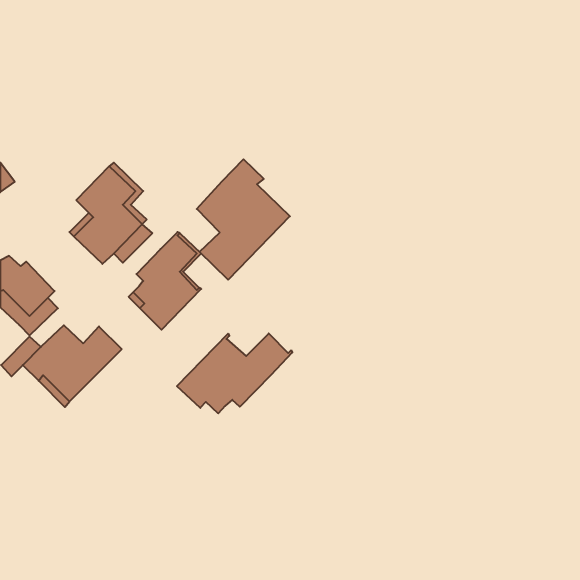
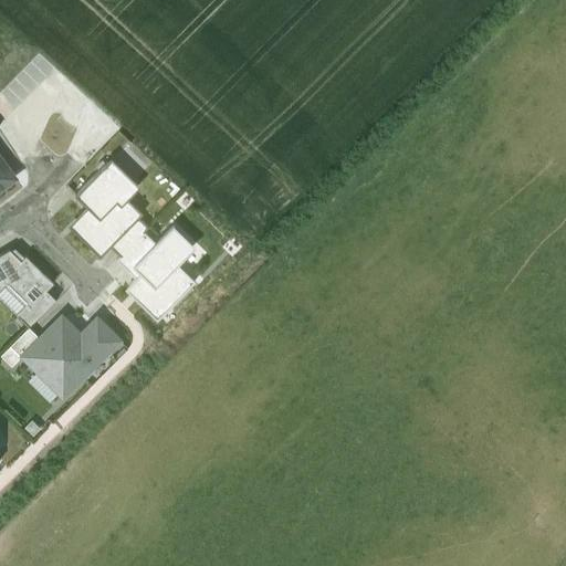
building: [197,159,290,280] -> none
building: none -> [117,232,157,280]
building: [177,333,292,413] -> none

